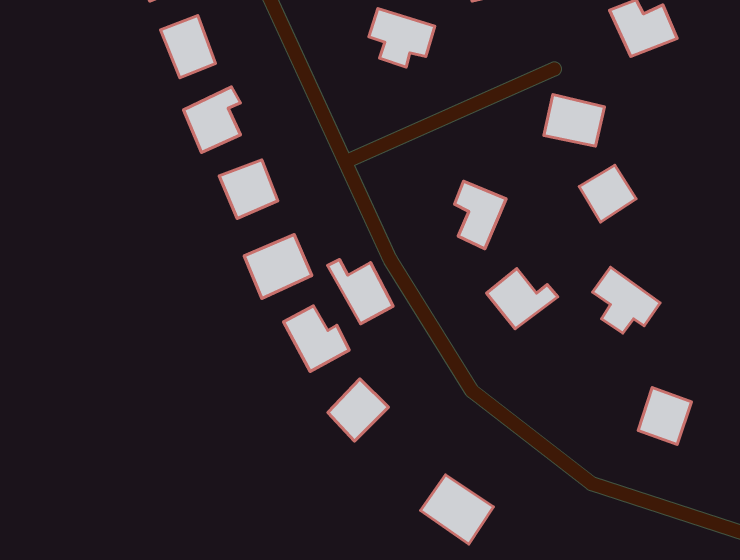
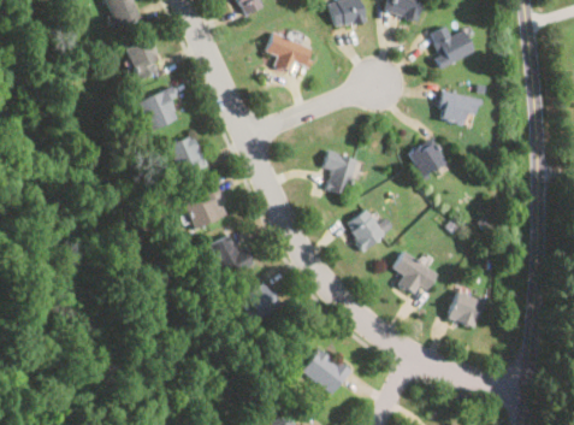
building: [544,94,605,146] -> [437,90,478,125]
building: [327,260,393,324] -> none
building: [593,267,660,333] -> [392,250,438,295]

